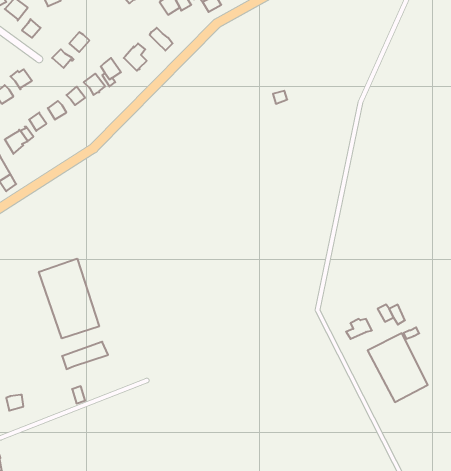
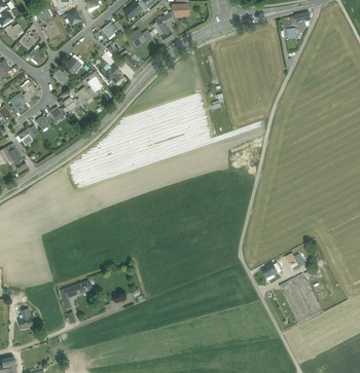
building: [39,259,99,338] -> none

